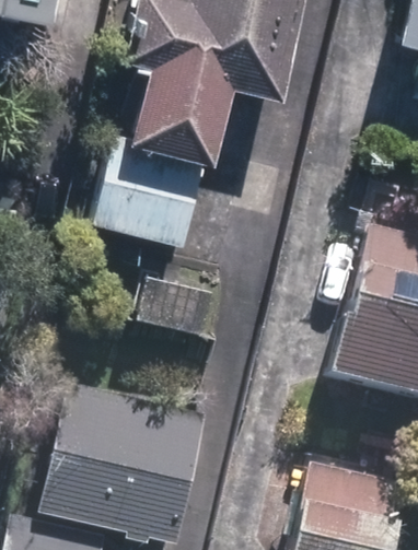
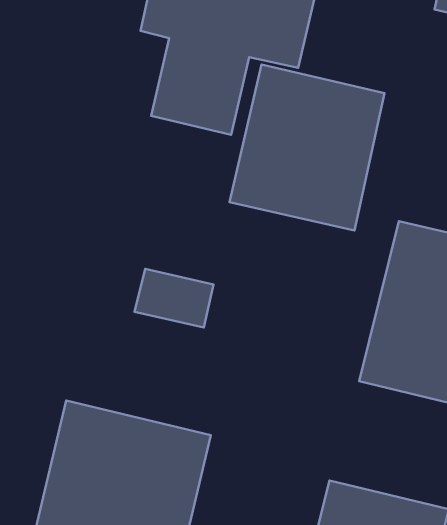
building: none -> [230,64,384,230]
building: [88,138,206,242] -> none

